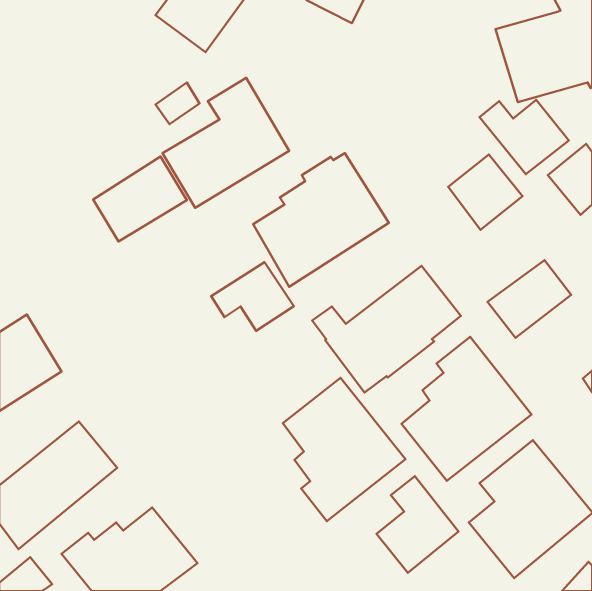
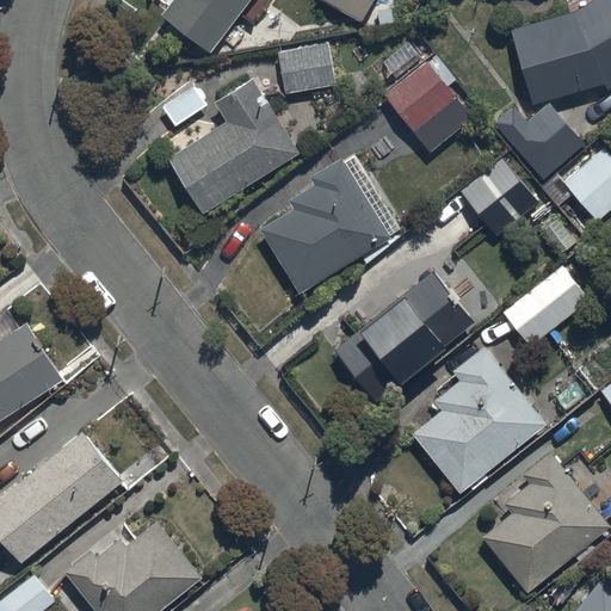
building: none -> [280,45,334,93]
building: none -> [384,53,471,153]
building: [93,157,187,241] -> none
building: [211,262,294,331] -> none
building: [283,378,405,521] -> none
building: [376,476,458,573] -> none

